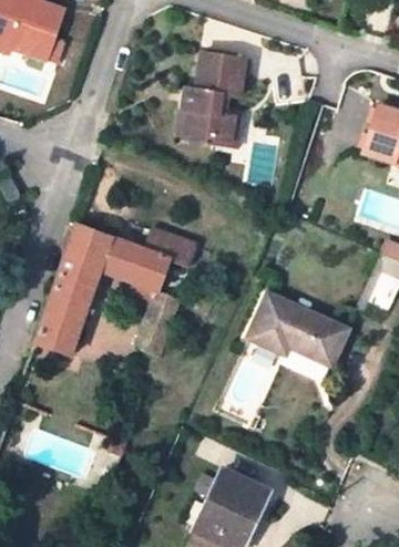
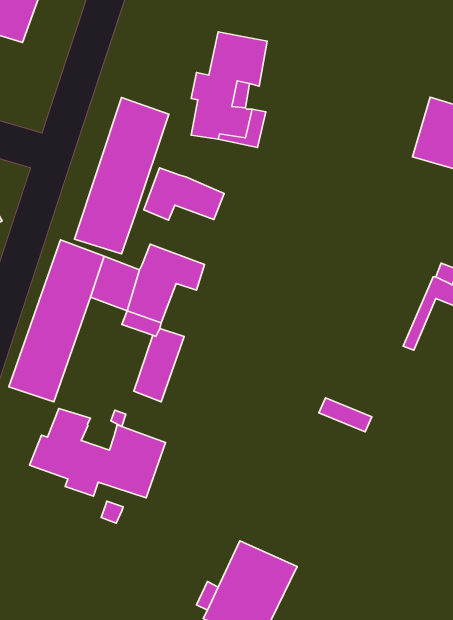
building: none -> [74,97,169,254]
building: none -> [144,168,224,220]
building: [248,291,349,364] -> none
building: none -> [29,408,166,498]

